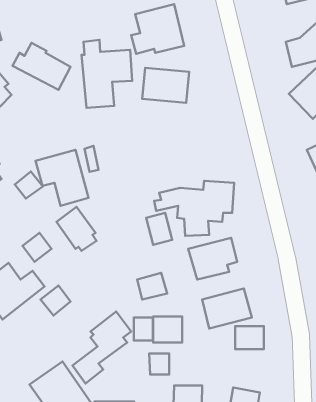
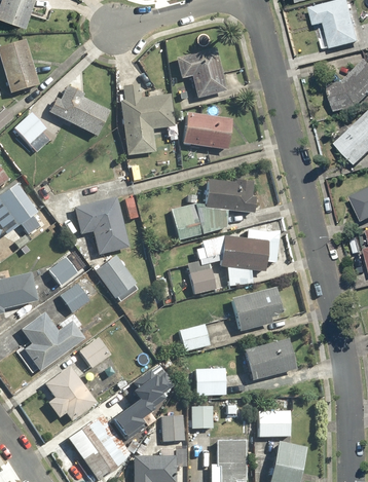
building: none -> [170,178,253,239]
building: [15,172,43,199] -> [47,257,76,285]
building: none -> [45,367,95,419]
building: [134,318,153,341] -> [162,416,182,440]
building: [235,326,264,349] -> [258,411,288,435]

